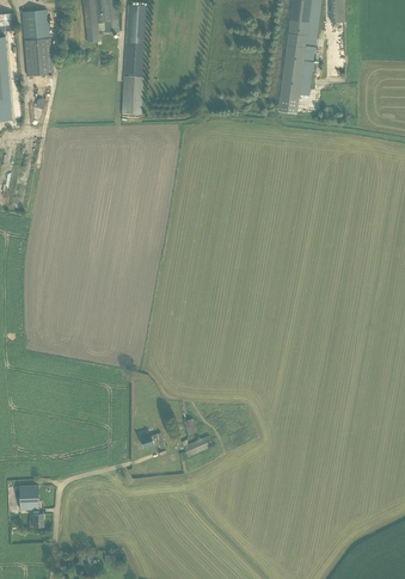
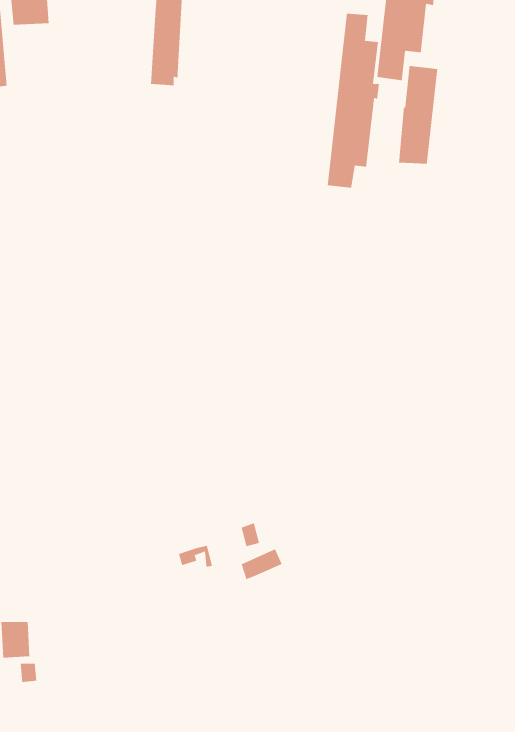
building: none -> [327,13,380,188]
building: none -> [398,65,438,165]

